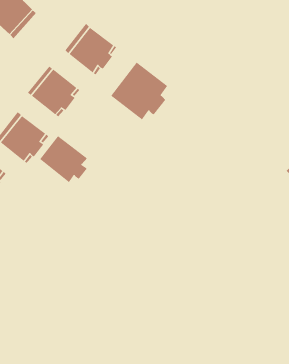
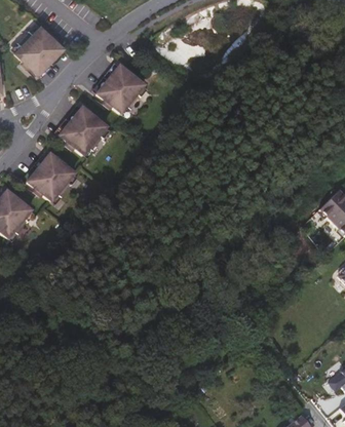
building: [110,61,168,121] -> none
building: [39,135,88,183] -> none

